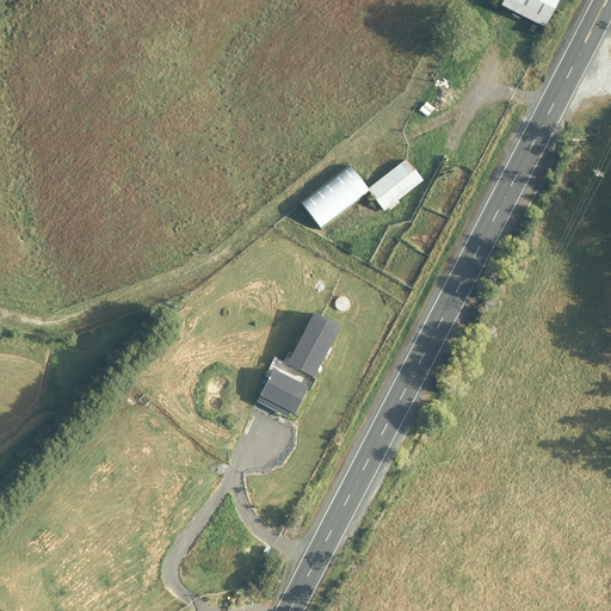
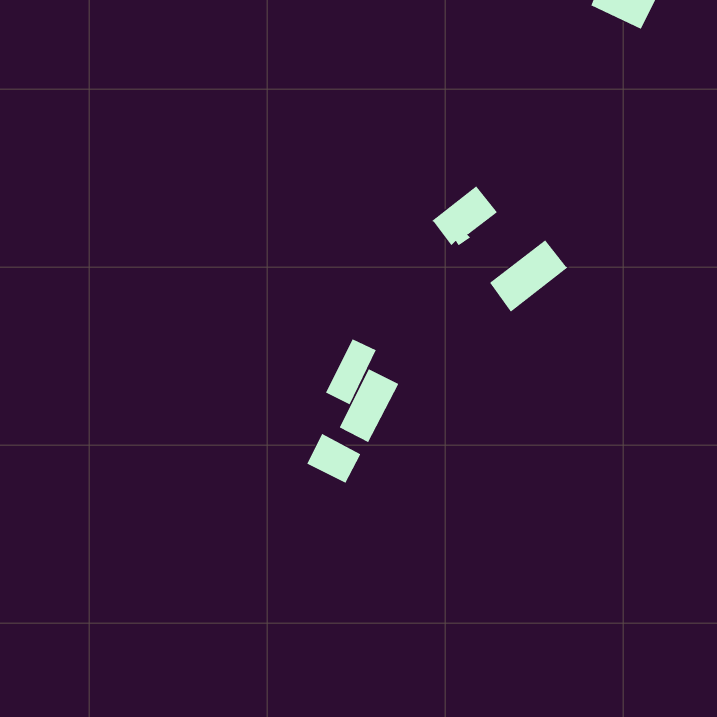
building: [301,165,368,227] -> [489,239,568,313]
building: none -> [325,338,377,405]

